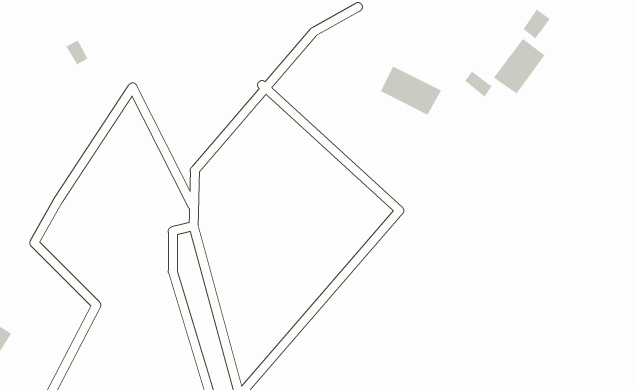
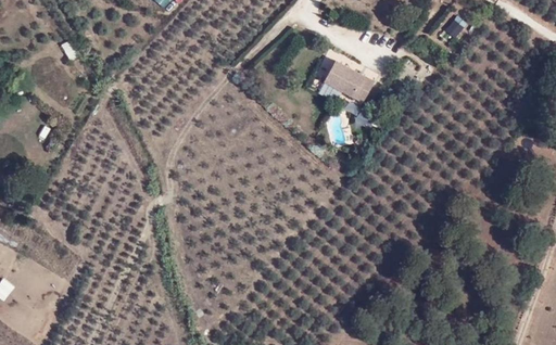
building: [493,38,546,94] -> none

